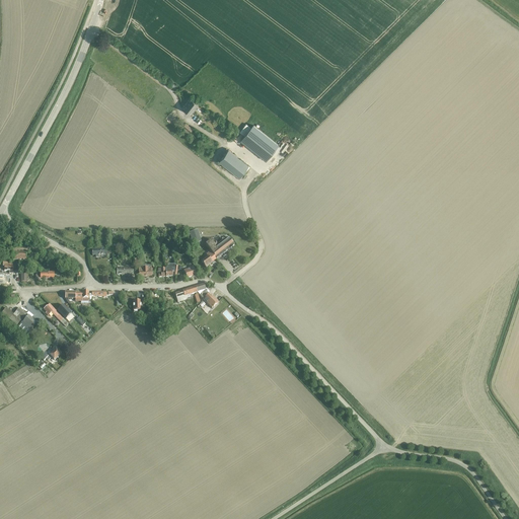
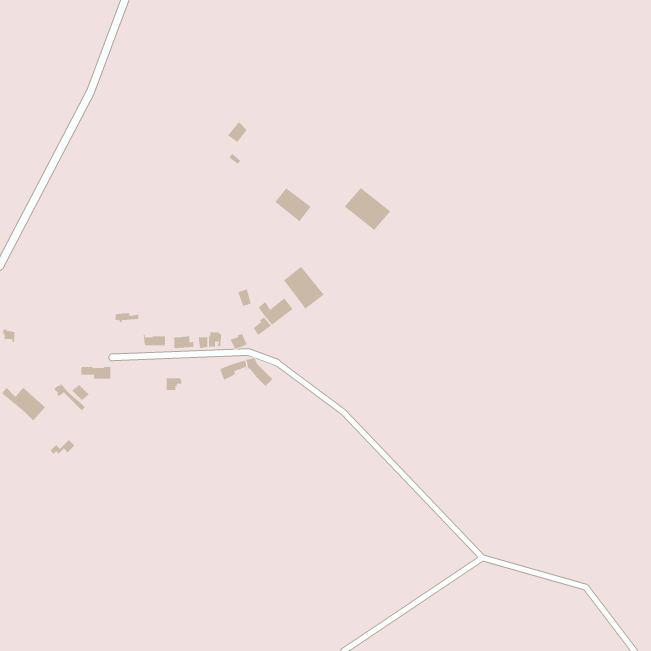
building: [239,125,277,159] -> [344,187,391,231]
building: none -> [283,266,325,309]

